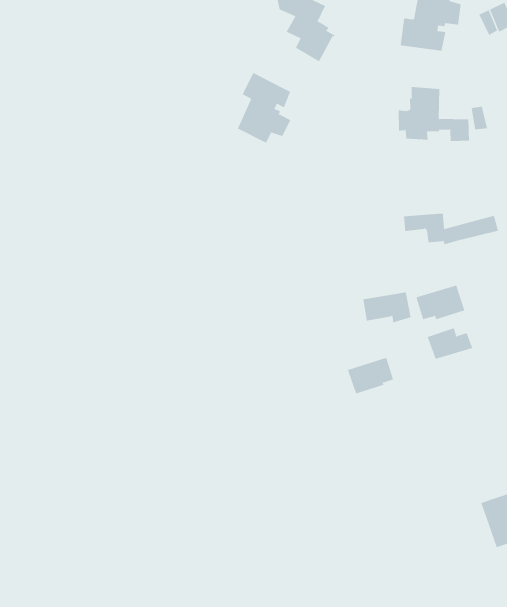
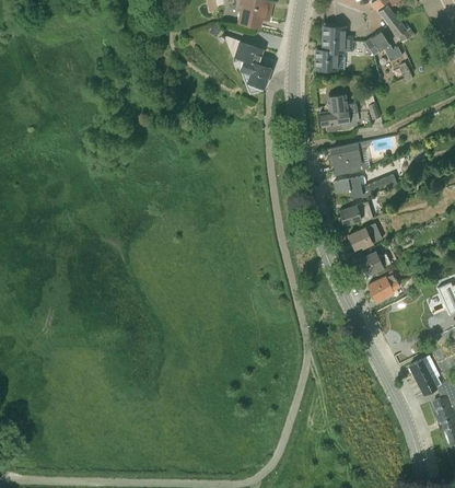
building: [237,72,291,144] -> none
building: none -> [326,143,363,173]
building: [363,292,411,323] -> [339,202,373,225]
building: [347,357,394,394] -> [368,274,399,301]

